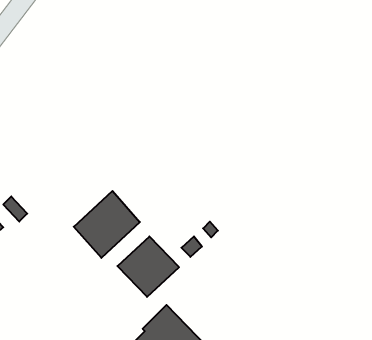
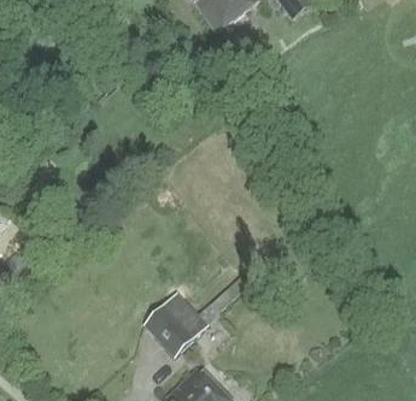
building: [74,191,140,258] -> none

